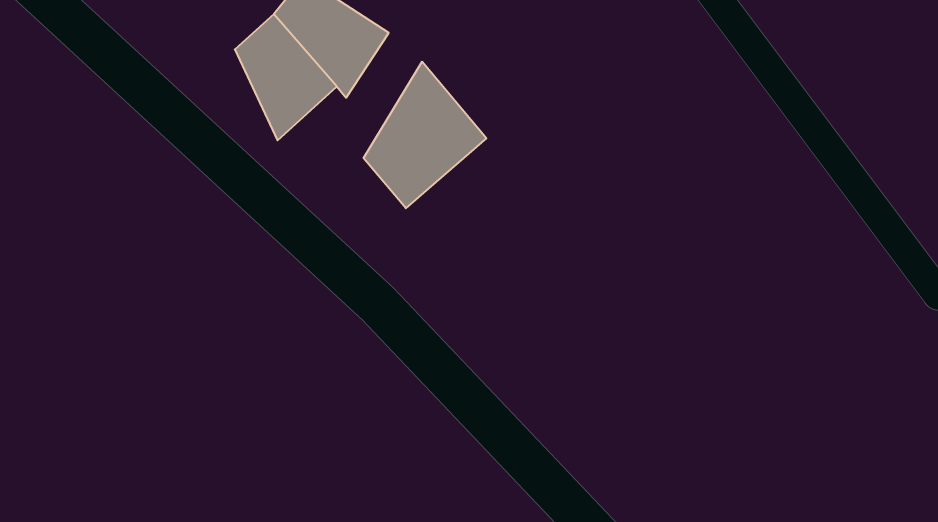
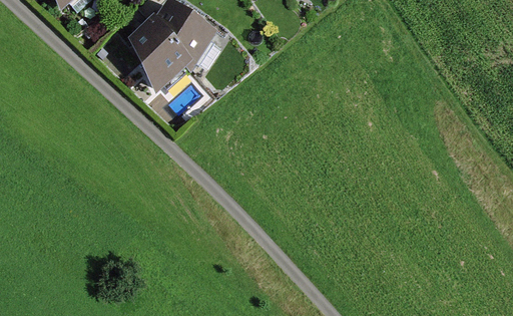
building: [364,62,486,208] -> none

